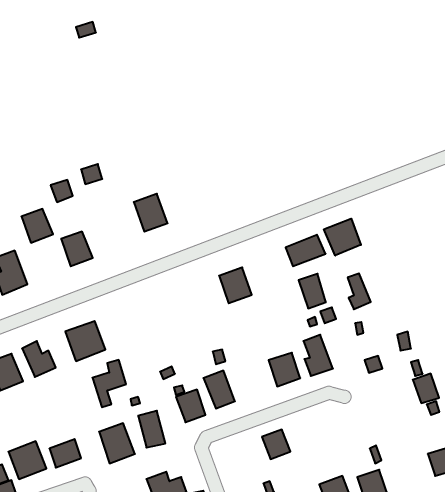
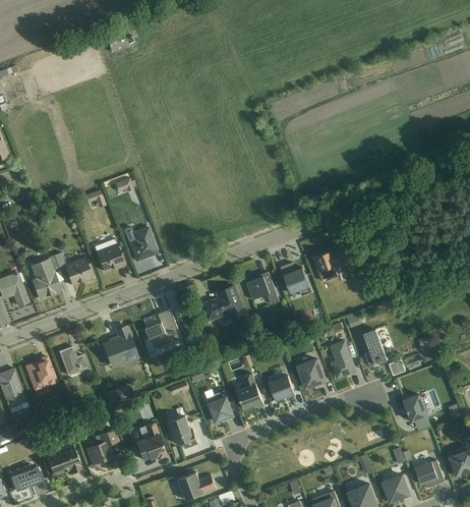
building: [134,194,168,232] -> [126,225,159,262]
building: [21,209,53,243] -> [63,254,94,286]
building: [324,219,361,256] -> none
building: [348,273,371,309] -> [364,331,387,365]
building: [299,274,326,308] -> [282,260,308,293]
building: none -> [201,284,246,322]
building: [92,360,126,407] -> [144,308,177,354]
building: [413,374,439,403] -> [403,393,428,421]
building: [262,430,290,459] -> [268,374,295,402]
building: none -> [413,456,439,487]

